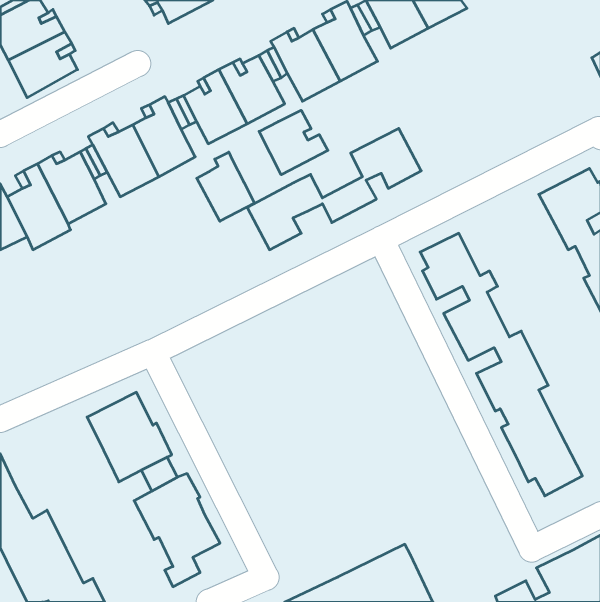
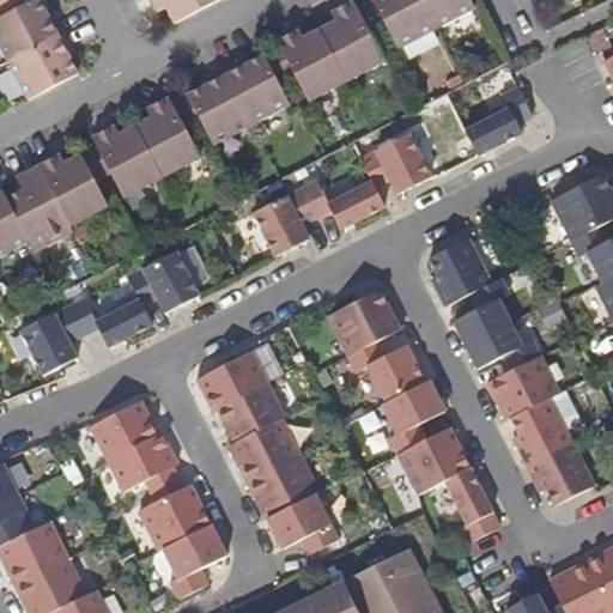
building: none -> [465,85,532,153]
building: [259,110,328,175] -> none
building: [197,152,255,221] -> none
building: none -> [20,249,198,372]
building: none -> [327,287,498,539]
building: none -> [196,348,338,553]

